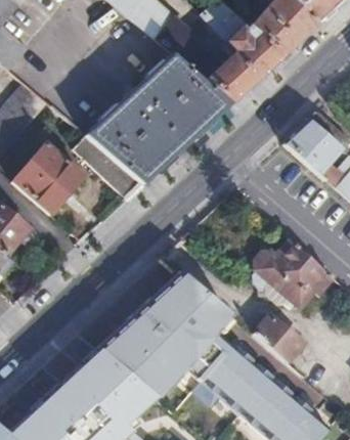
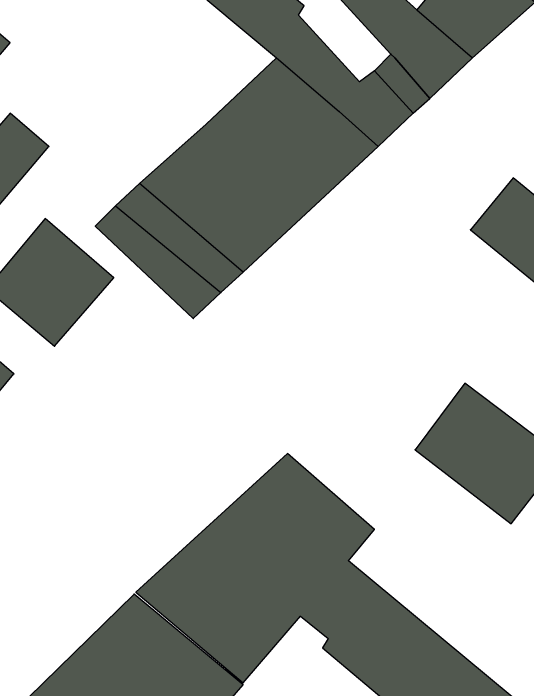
building: [252,312,307,362] -> none

